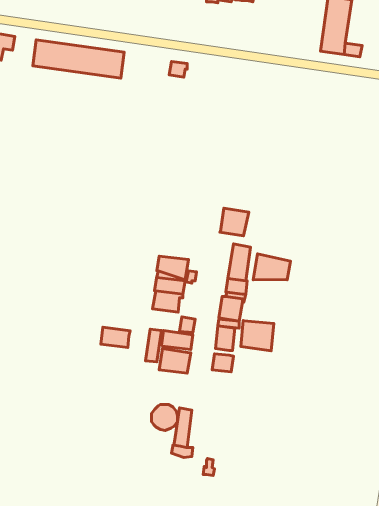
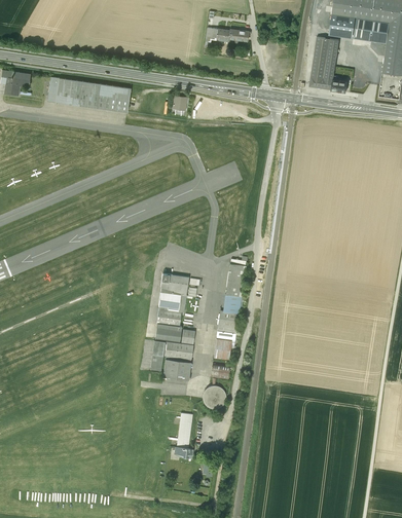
building: [220,208,249,236] -> none
building: [253,254,290,280] -> none
building: [241,321,274,351] -> none
building: [101,327,130,348] -> [155,323,182,341]
building: [152,405,178,431] -> [203,385,226,409]

